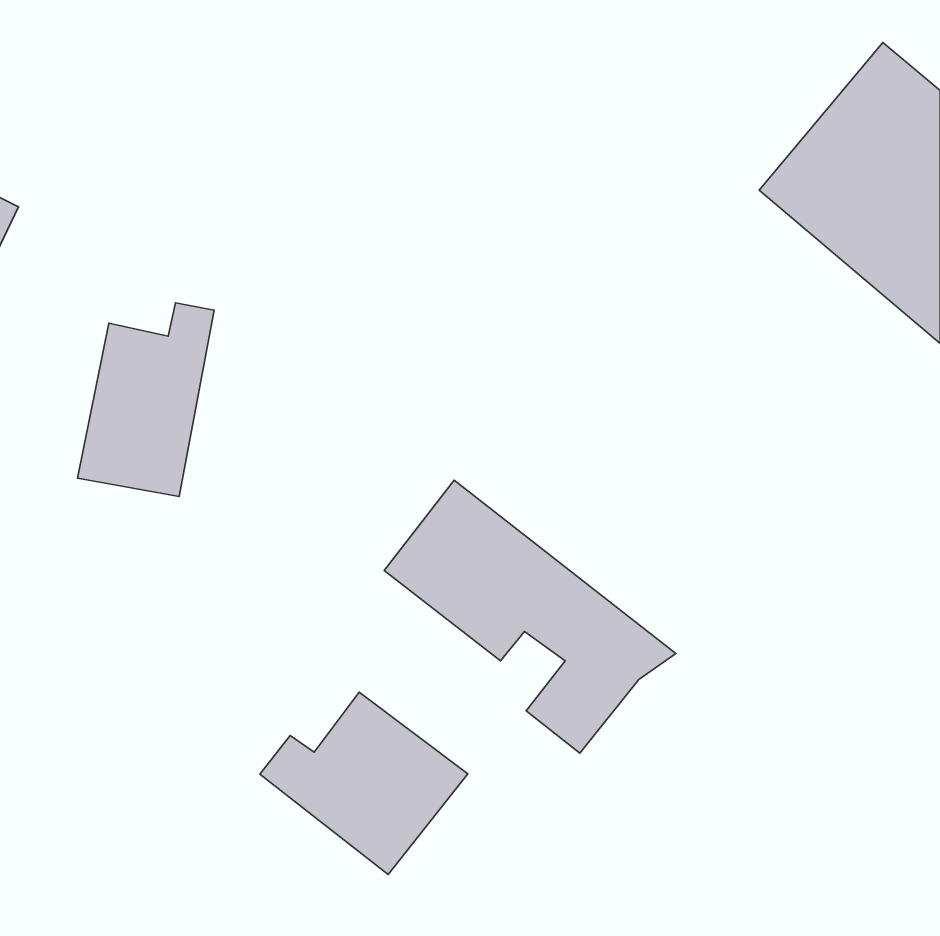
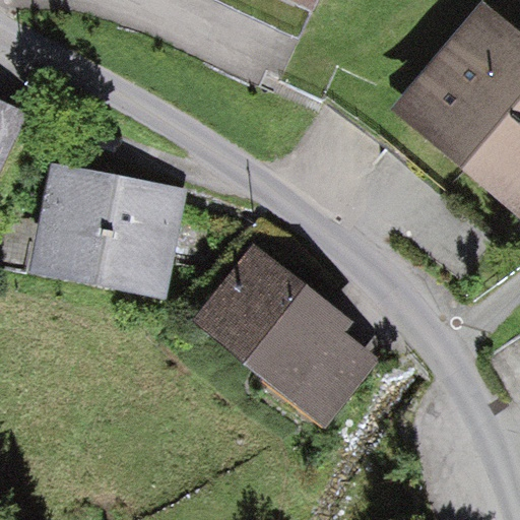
building: none -> [99,175,170,288]
building: [260,692,468,874] -> none

